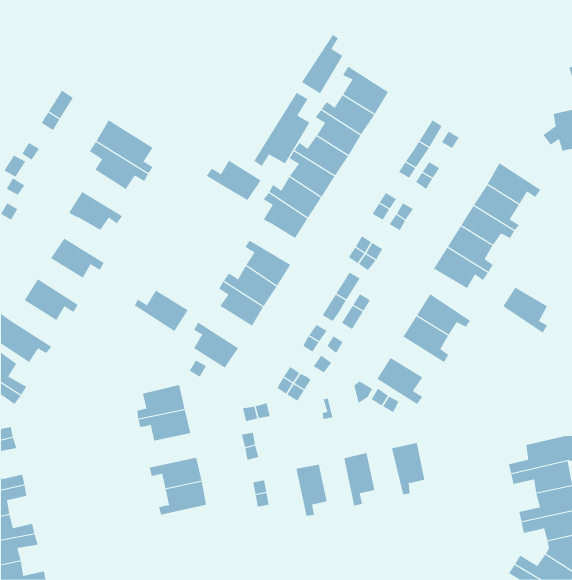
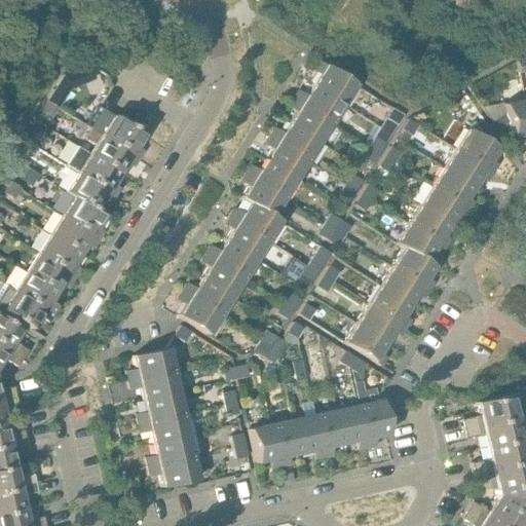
building: [301,34,343,94] -> none
building: [253,92,310,167] -> none
building: none -> [459,126,501,172]
building: [206,160,261,201] -> [233,202,284,239]
building: none -> [71,146,123,195]
building: none -> [66,196,108,237]
building: none -> [42,233,83,275]
building: [502,287,548,333] -> [397,248,438,290]
building: [134,290,189,332] -> [187,276,236,314]
building: none -> [18,271,60,313]
building: none -> [361,304,410,341]
building: none -> [141,391,186,422]
building: none -> [340,405,372,449]
building: none -> [297,414,328,459]
building: none -> [253,423,285,468]
building: none -> [153,456,200,486]

